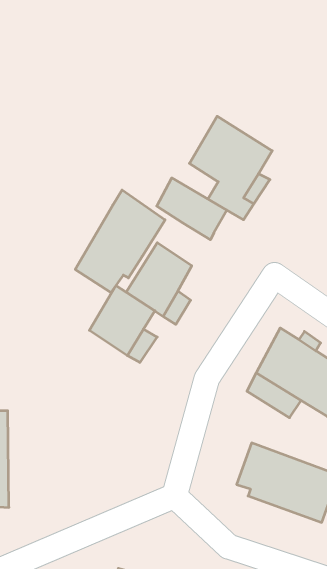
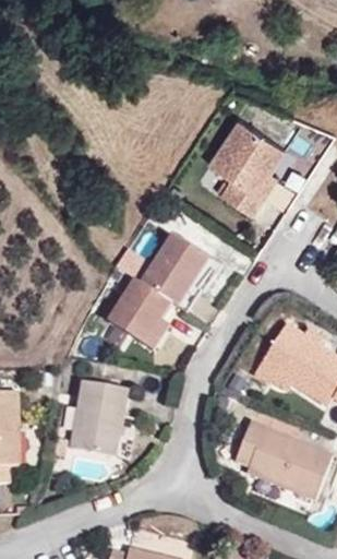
building: [157,178,227,240] -> none
building: [75,190,165,293] -> none
building: none -> [80,382,131,451]

